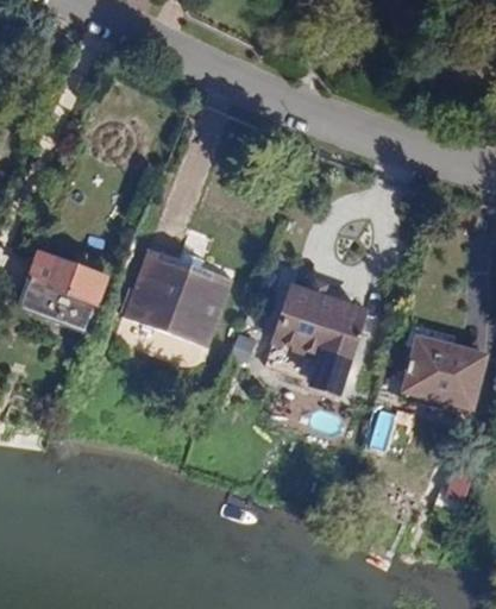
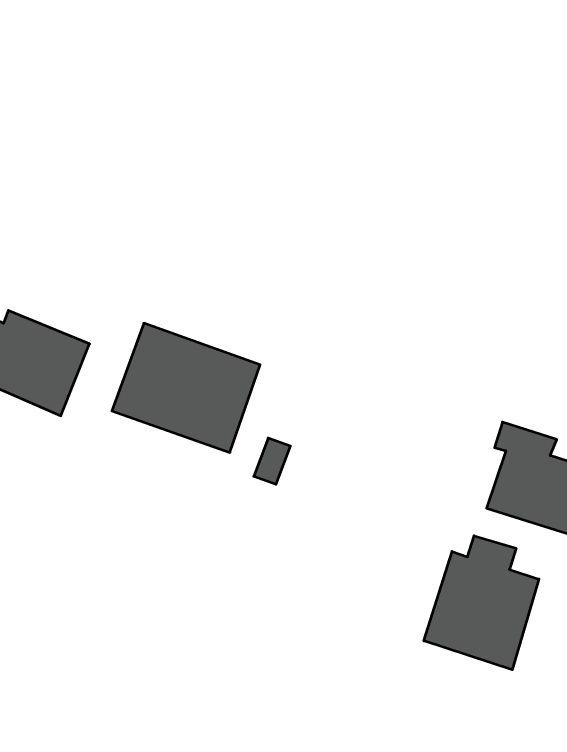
building: [271,294,359,370] -> none
building: none -> [424,536,539,670]

